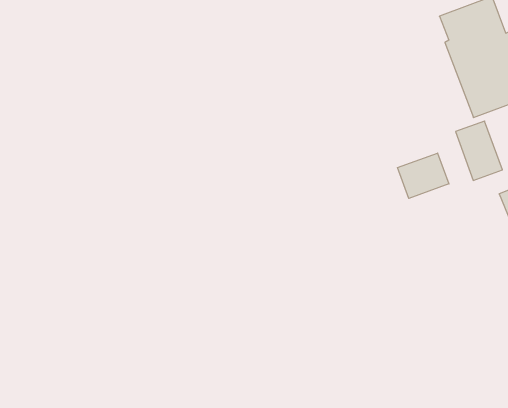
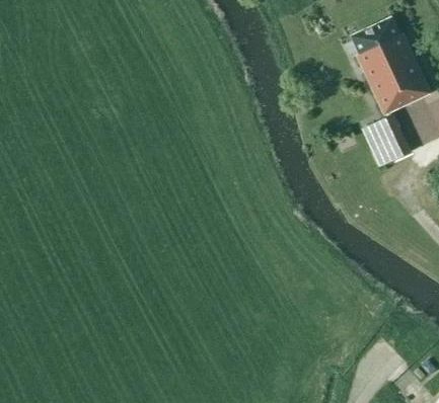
building: [397,153,449,198] -> none

